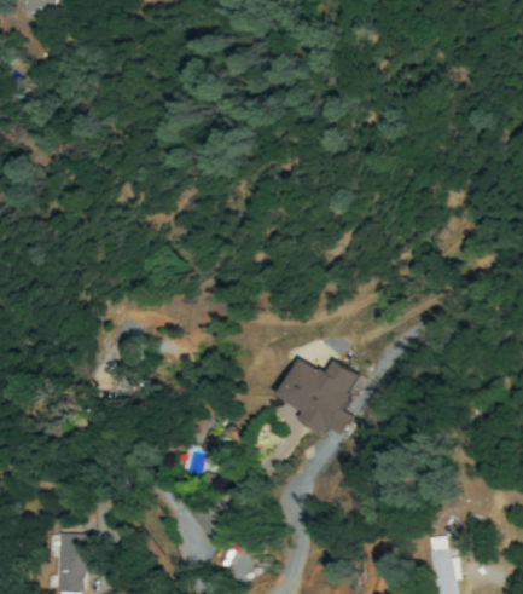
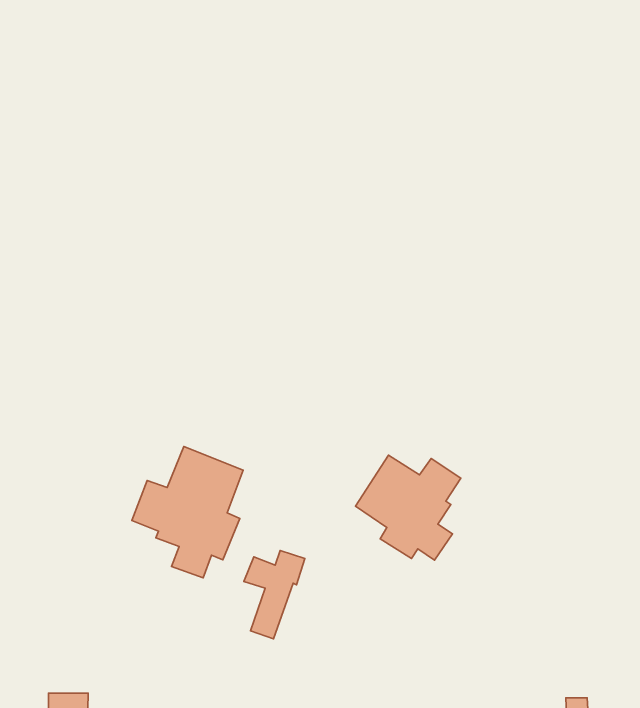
building: none -> [132,446,243,578]

